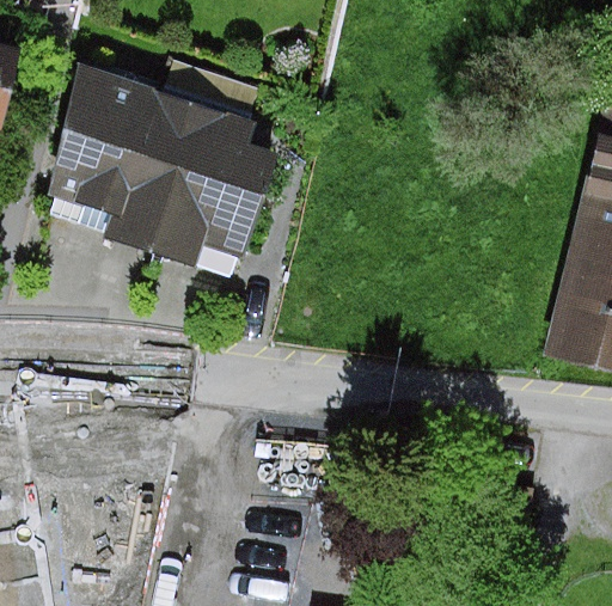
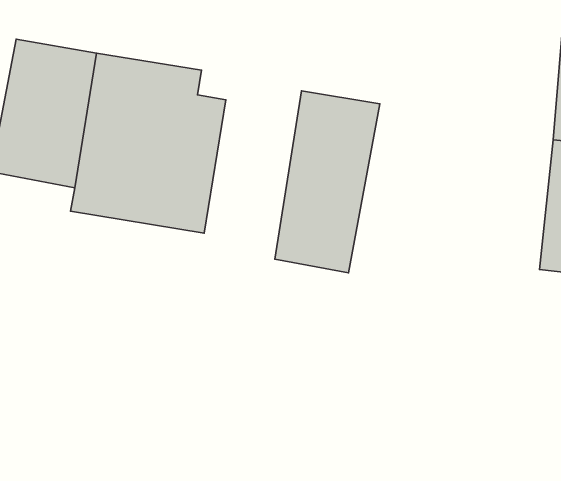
building: none -> [275,91,380,273]

